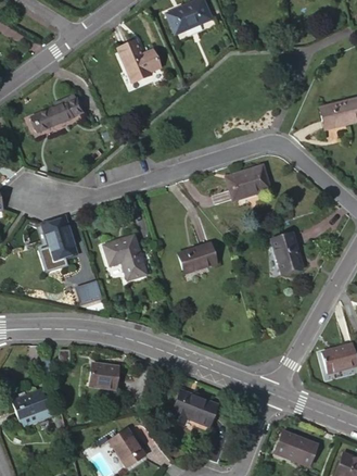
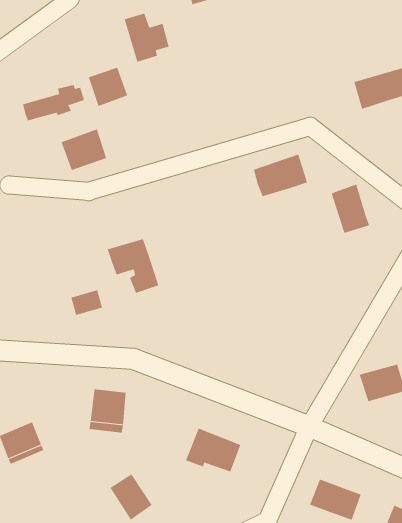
building: none -> [88,67,128,107]
building: none -> [61,129,107,171]
building: [48,221,81,263] -> none
building: [268,228,301,270] -> [331,184,370,233]
building: [179,242,219,274] -> none

